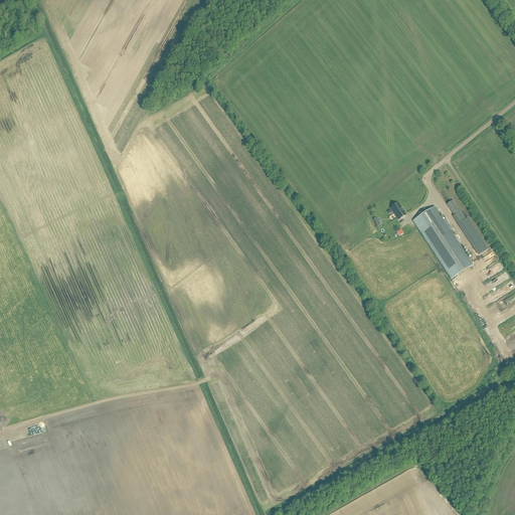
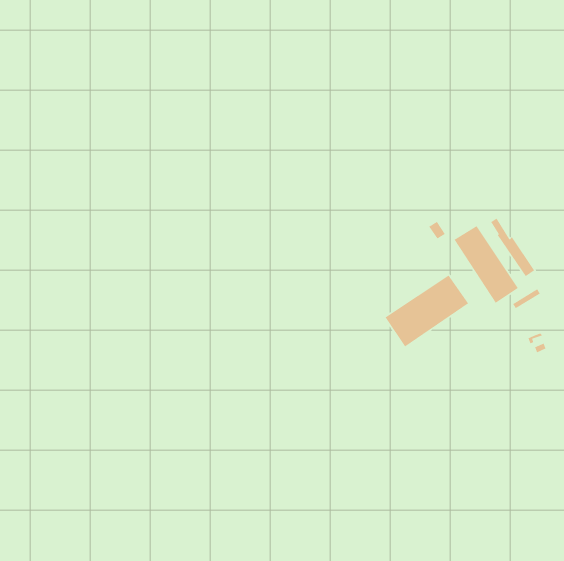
building: none -> [385,274,469,347]

